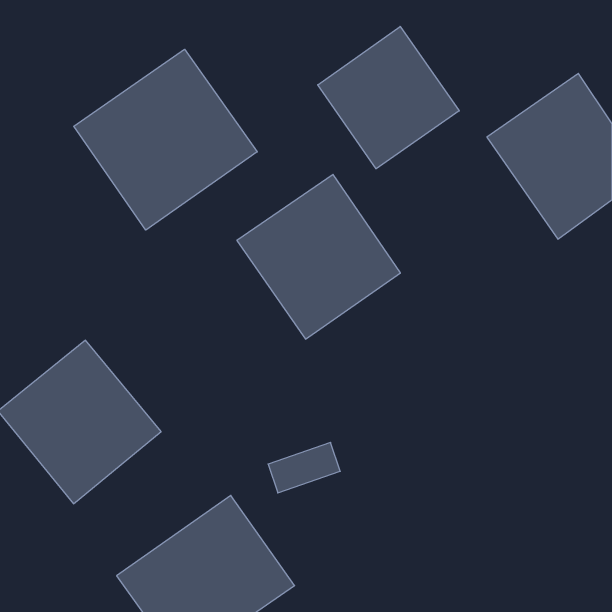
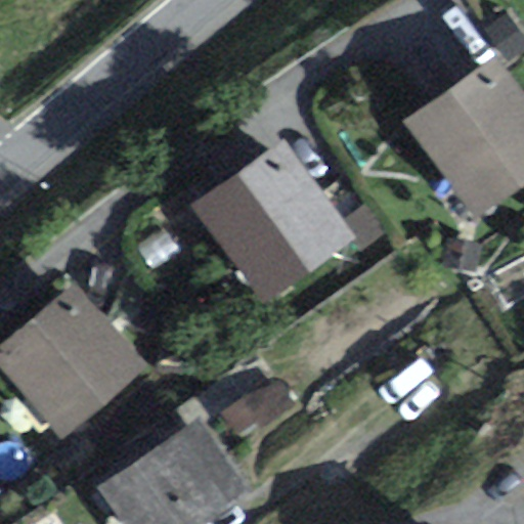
building: [318,26,459,169] -> none
building: [74,49,257,230] -> none

